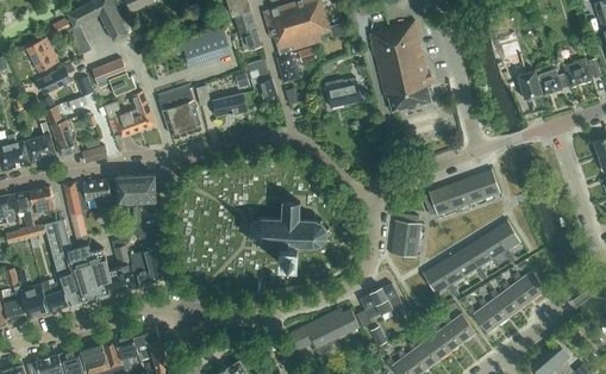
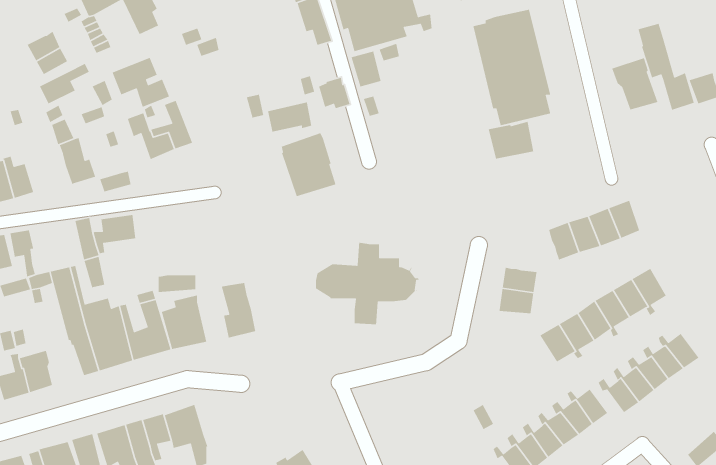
building: [181,29,231,67] -> none
building: none -> [611,57,658,110]
building: [325,77,361,107] -> [488,121,534,160]
building: [158,85,201,135] -> [281,132,336,197]
building: [25,124,56,163] -> none
building: [117,175,156,202] -> none
building: [29,187,55,218] -> none
building: none -> [221,282,257,338]
building: [42,281,70,312] -> none
building: [361,283,401,319] -> none
building: [288,308,360,351] -> none

